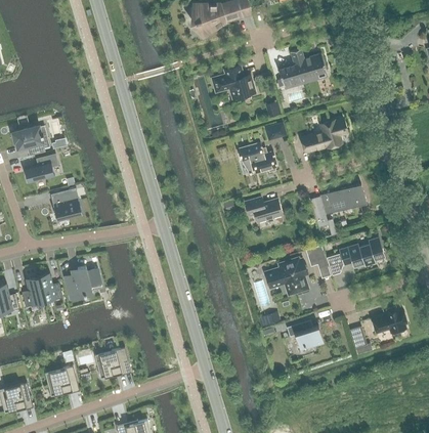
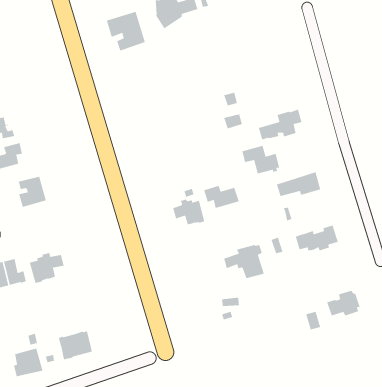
building: none -> [106,11,146,53]
building: [276,49,326,87] -> none
building: [211,67,254,99] -> none
building: [237,143,276,174] -> [241,145,280,175]
building: none -> [172,199,205,226]
building: [286,320,324,351] -> none

